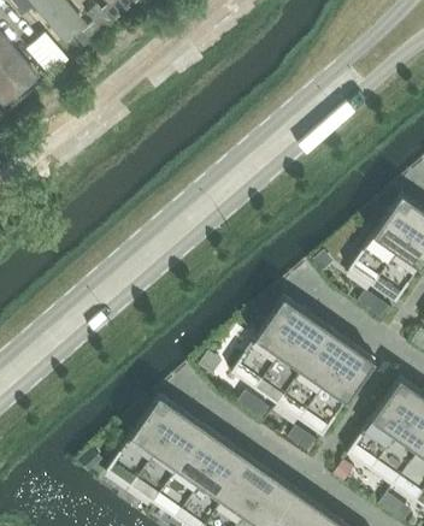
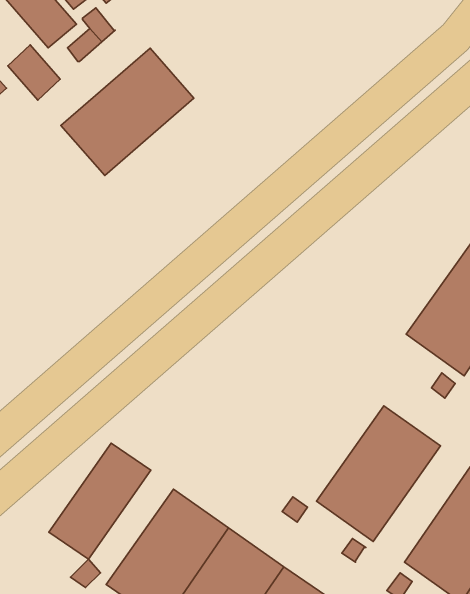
building: none -> [61,48,194,176]
building: [231,297,331,406] -> none
building: none -> [49,443,151,559]

